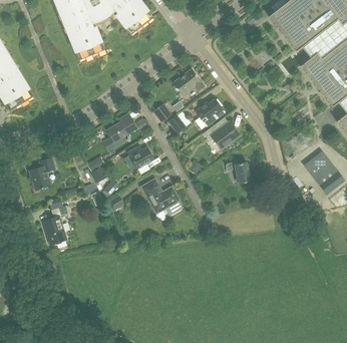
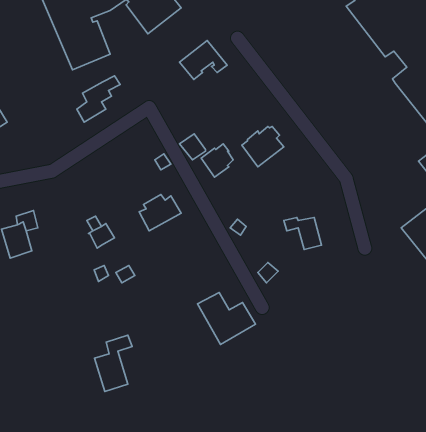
building: [171,68,205,95] -> [180,41,227,80]
building: [103,117,133,149] -> [77,76,120,122]
building: [203,120,239,148] -> none
building: [140,178,181,214] -> [197,292,255,344]
building: [43,205,69,244] -> [95,335,132,392]

